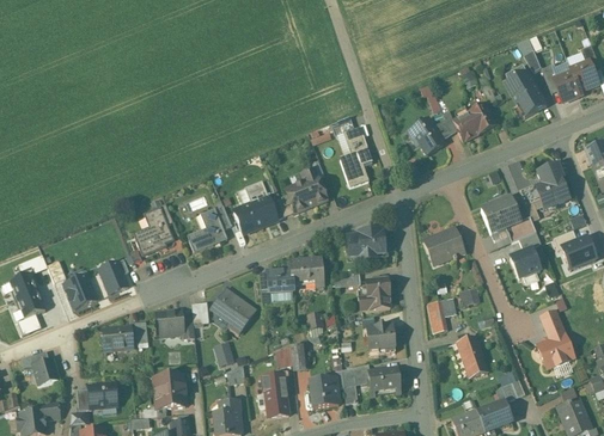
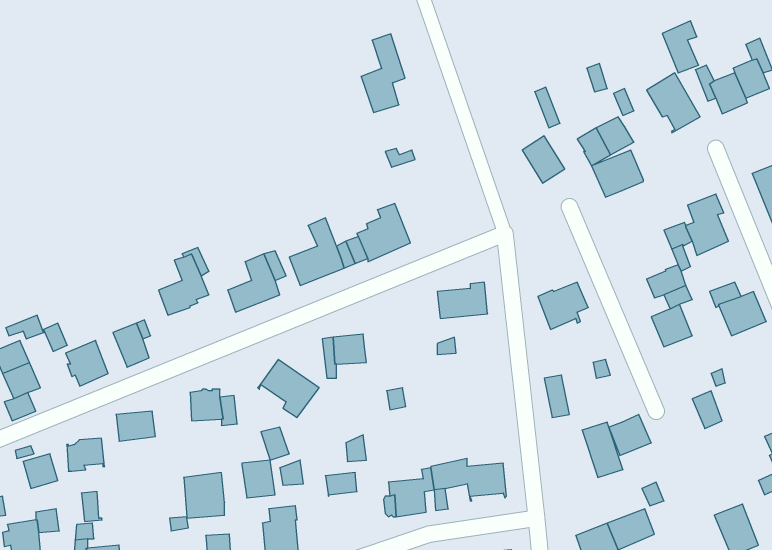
building: [340,127,373,186] -> [361,34,405,113]
building: [481,197,520,233] -> [591,150,643,197]
building: [291,257,323,285] -> none
building: [360,277,390,309] -> none
building: [367,324,395,349] -> none
building: [541,334,573,366] -> [609,414,651,455]
building: [89,383,117,409] -> [67,438,105,471]
building: [264,388,289,417] -> [242,460,275,498]

